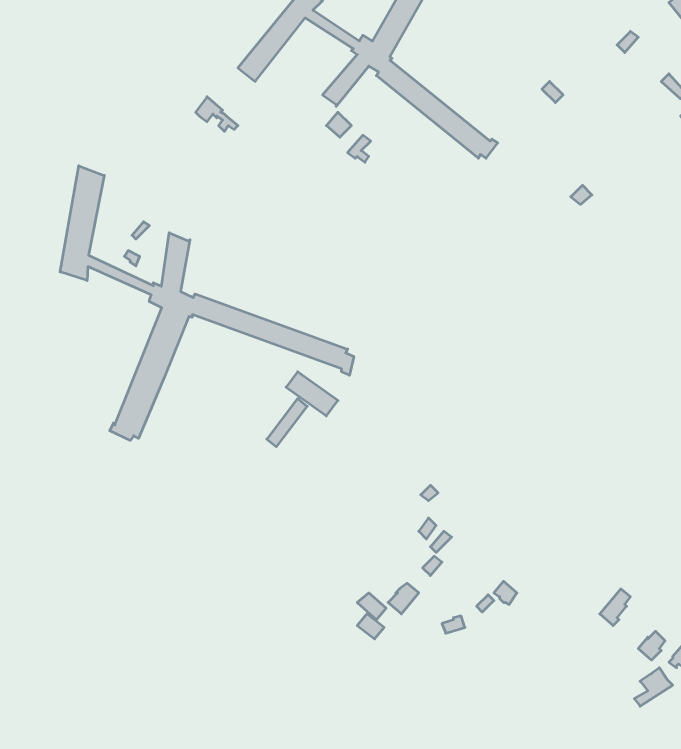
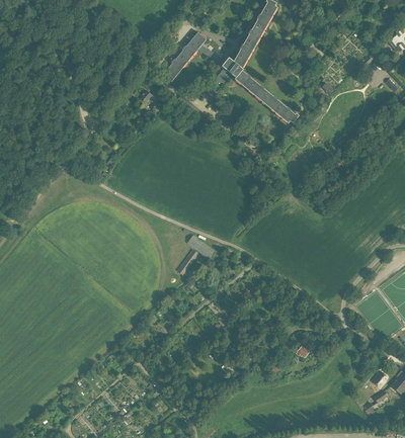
building: [60,166,354,440] -> none

